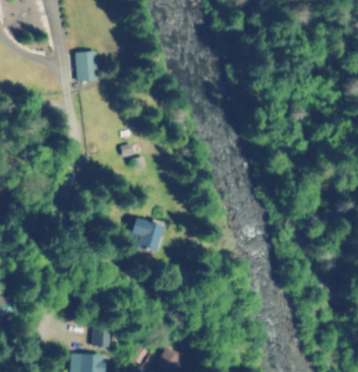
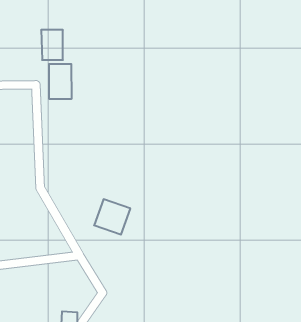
building: none -> [49,64,71,99]

